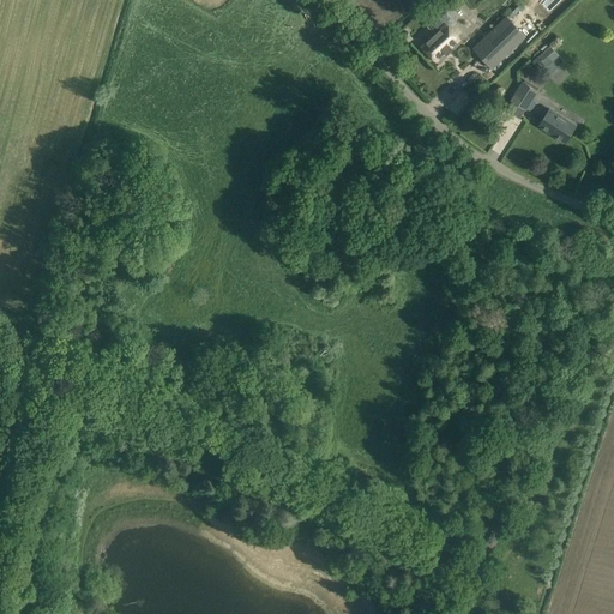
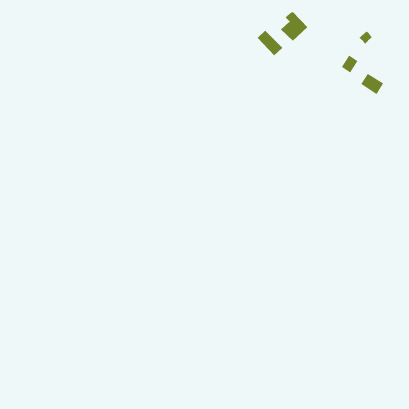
building: [472,17,525,70] -> none
building: none -> [257,30,283,56]

